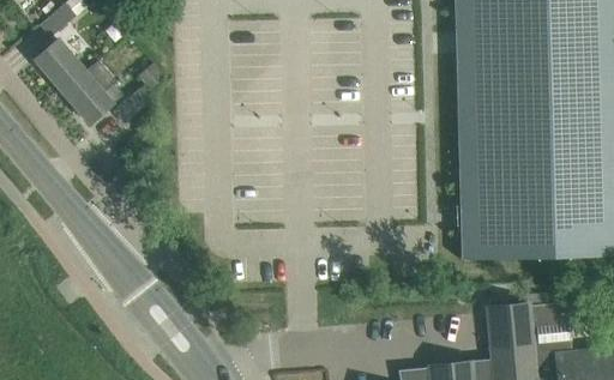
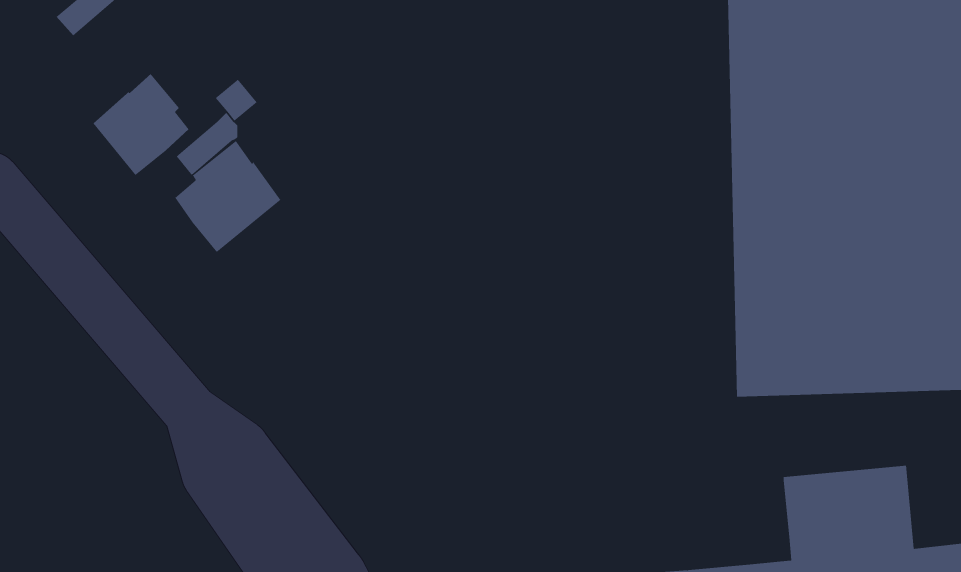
building: [35,38,85,90] -> none
building: none -> [174,140,281,253]

